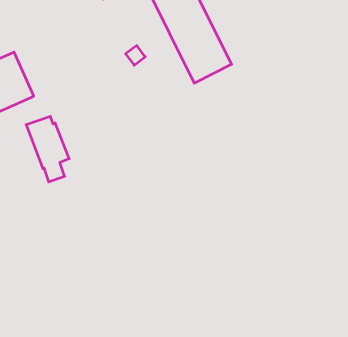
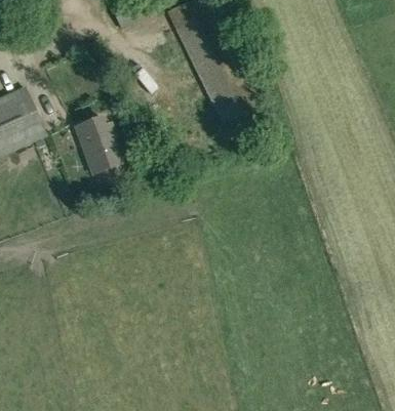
building: [26,116,69,182] -> [75,117,122,189]

